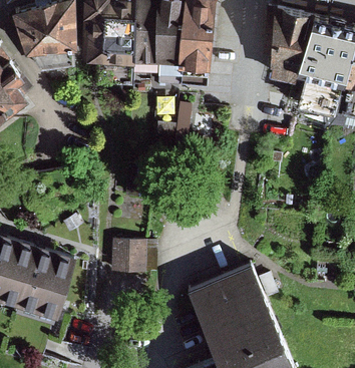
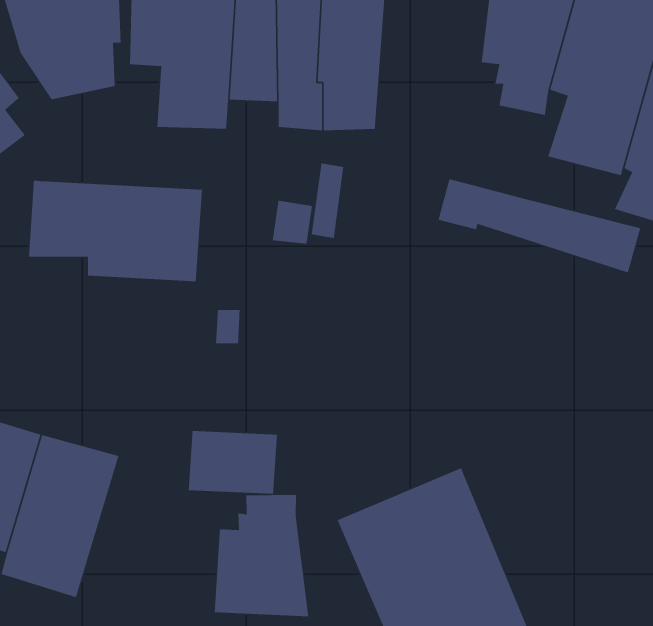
building: none -> [437,178,641,274]
building: none -> [28,180,203,282]
building: none -> [214,494,309,617]

